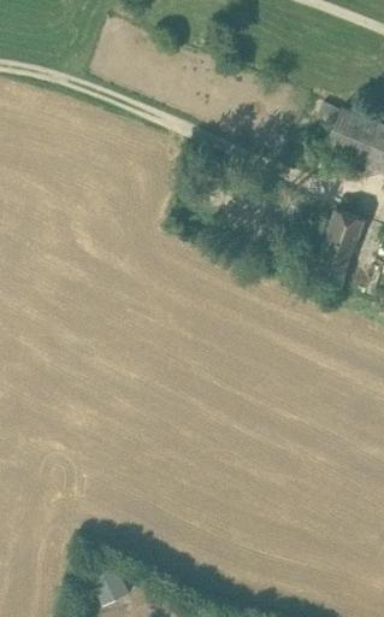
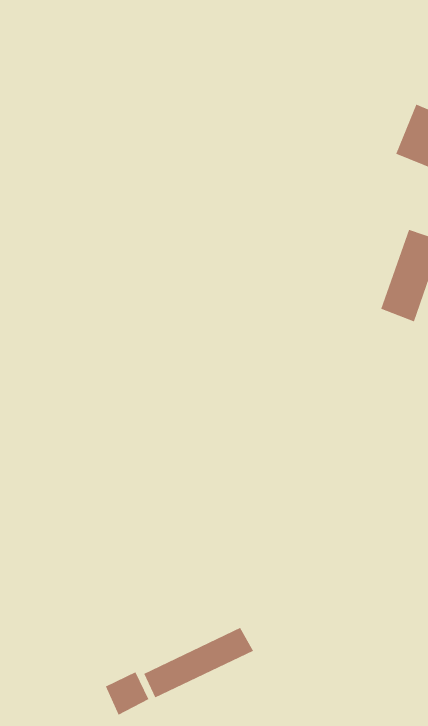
building: none -> [143,627,254,698]

